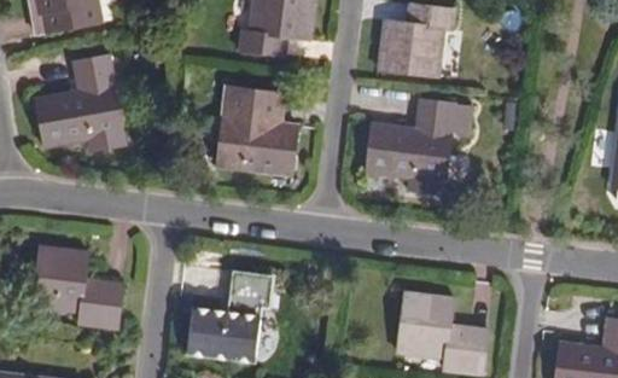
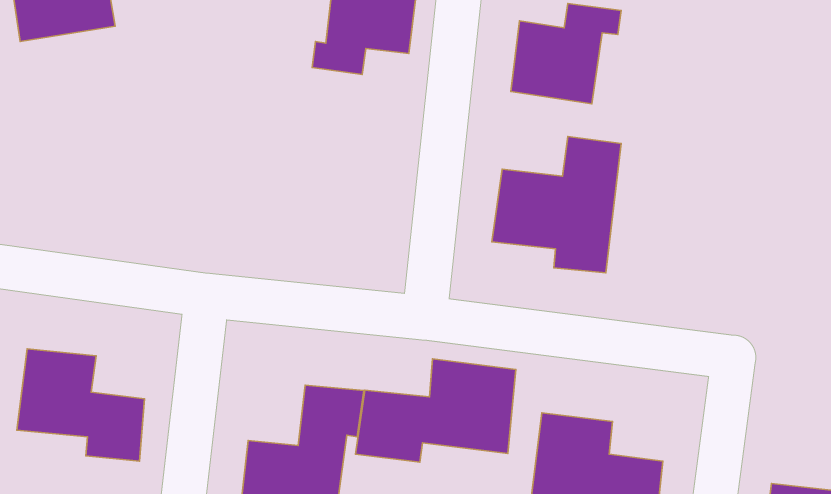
building: [36,53,127,147] -> none
building: [216,86,298,175] -> none
building: none -> [355,359,516,462]

